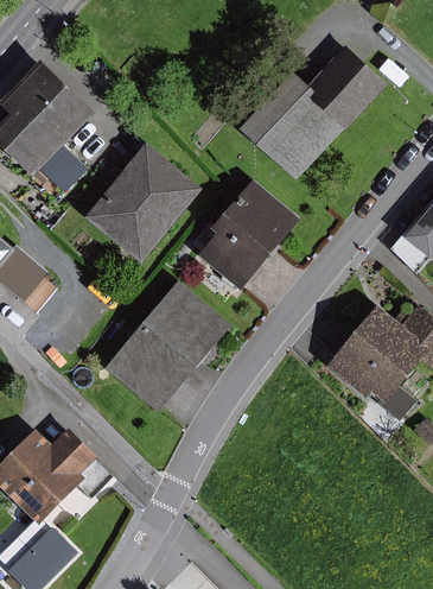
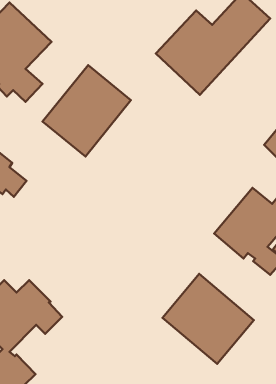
building: [202,178,303,289] -> none
building: [107,279,234,412] -> none
building: none -> [162,274,254,364]

